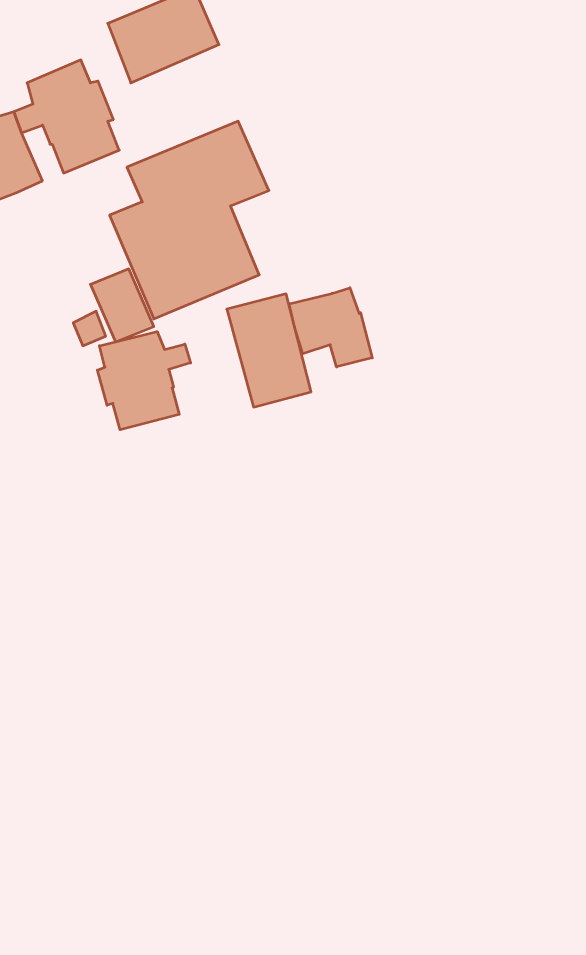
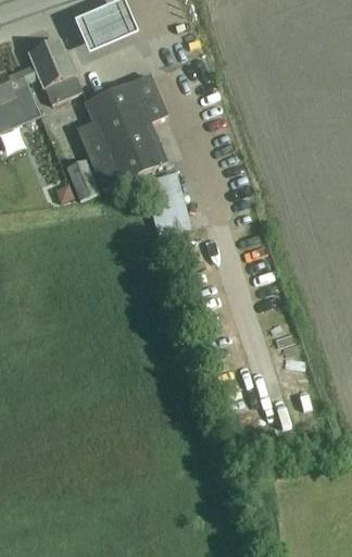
building: [289,288,372,367] -> none
building: [97,332,191,430] -> none

